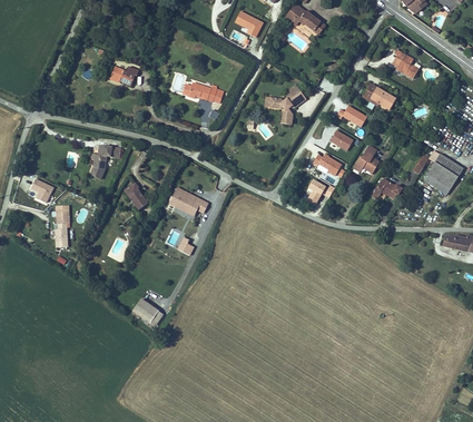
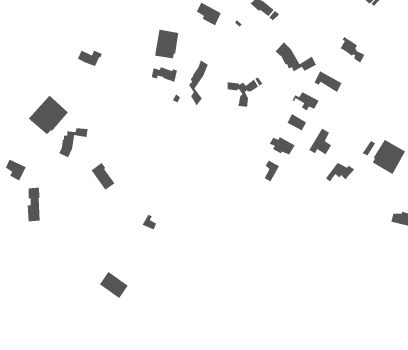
building: none -> [154,29,179,59]
building: none -> [275,41,317,72]
building: none -> [188,59,209,107]
building: none -> [28,95,69,135]
building: [167,187,208,219] -> none

